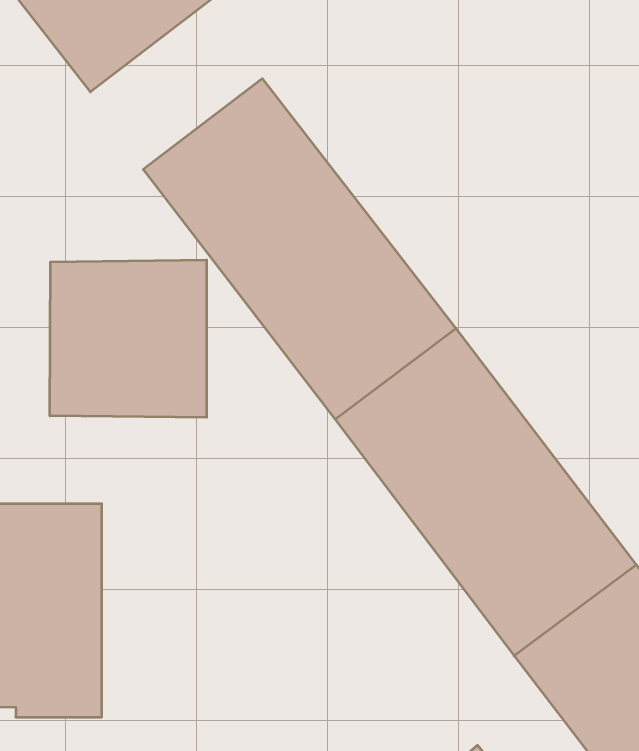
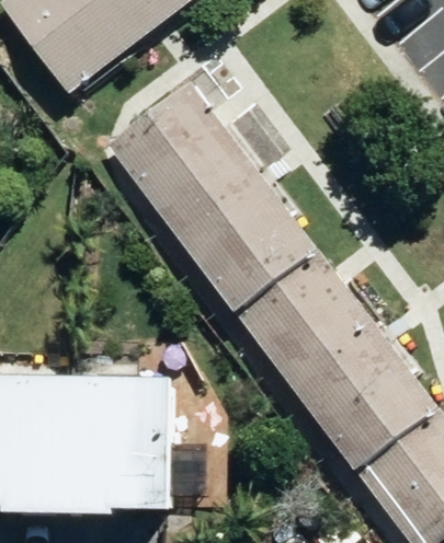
building: [50,260,207,417] -> none
building: none -> [79,366,189,508]

